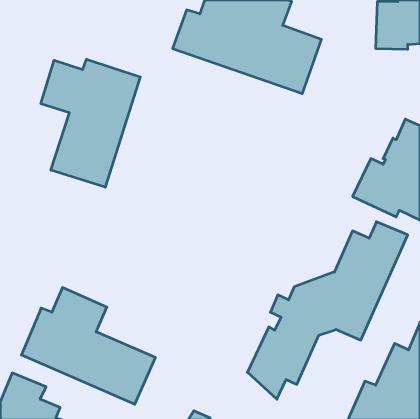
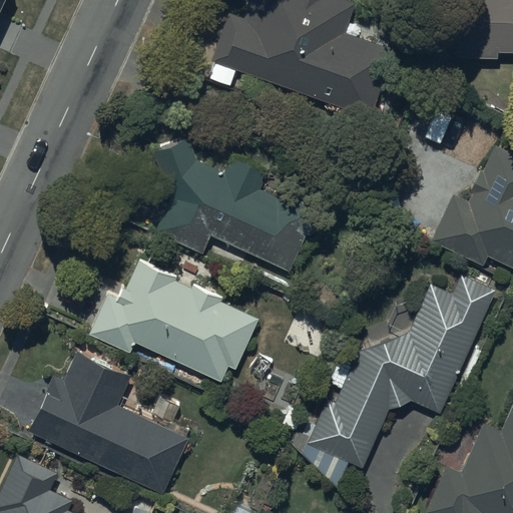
building: [41,59,140,187] -> none
building: none -> [153,139,327,273]
building: none -> [90,262,259,383]

